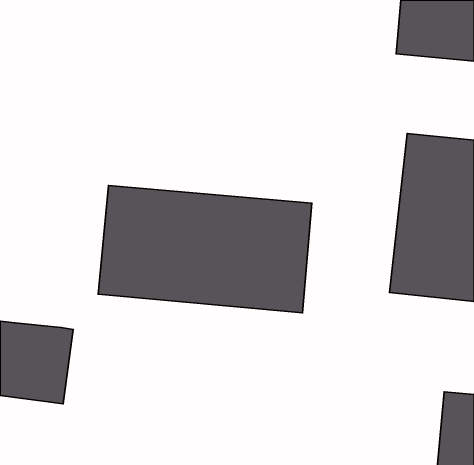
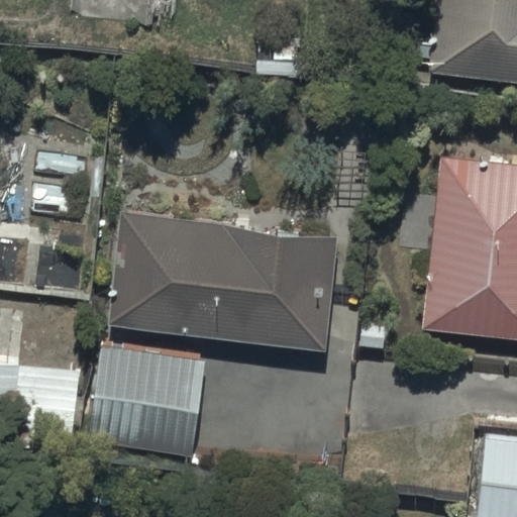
building: none -> [91,348,202,456]

